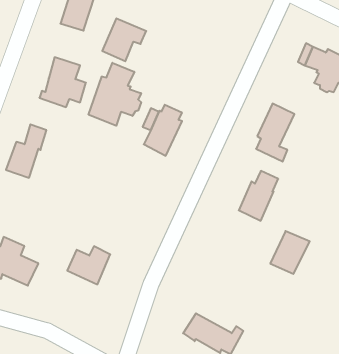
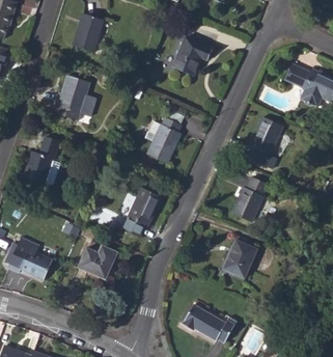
building: [102,18,146,61] -> [173,37,213,76]
building: [89,63,141,126] -> none
building: none -> [115,188,163,236]
building: [270,231,310,274] -> [223,240,258,278]

